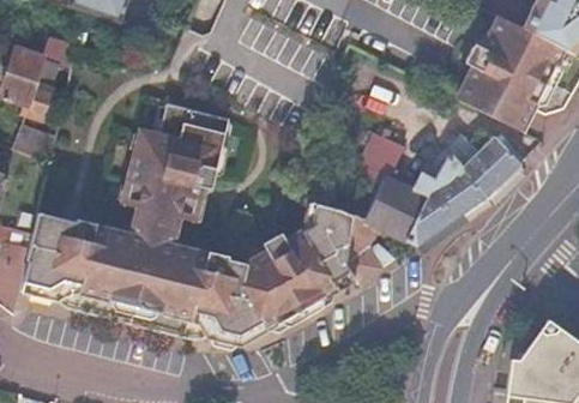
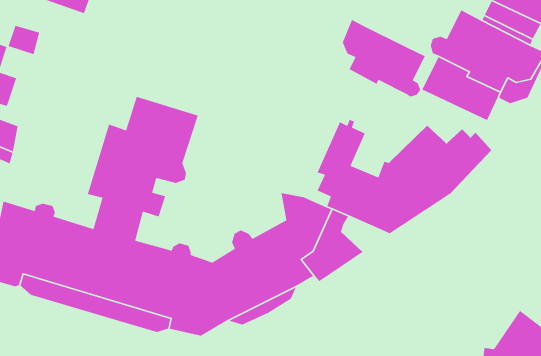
building: none -> [342,19,426,98]

